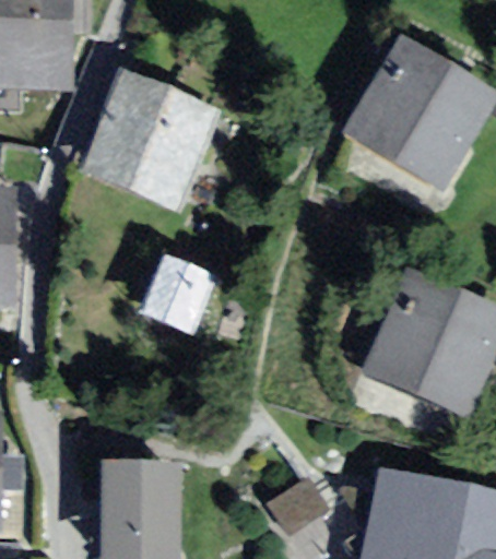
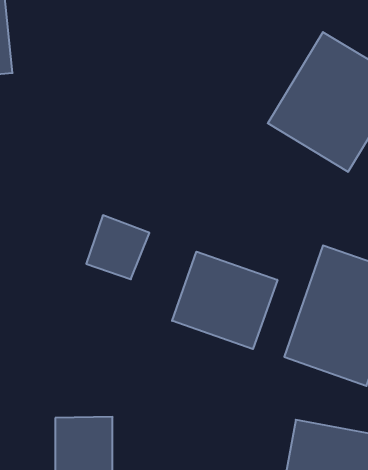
building: [92,57,220,192] -> none
building: none -> [172,252,277,349]

